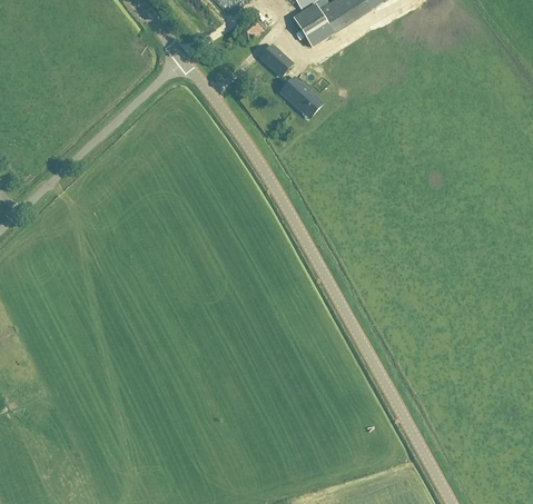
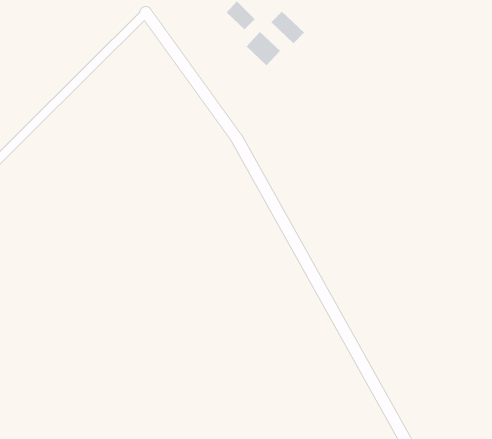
building: none -> [270,11,305,44]

